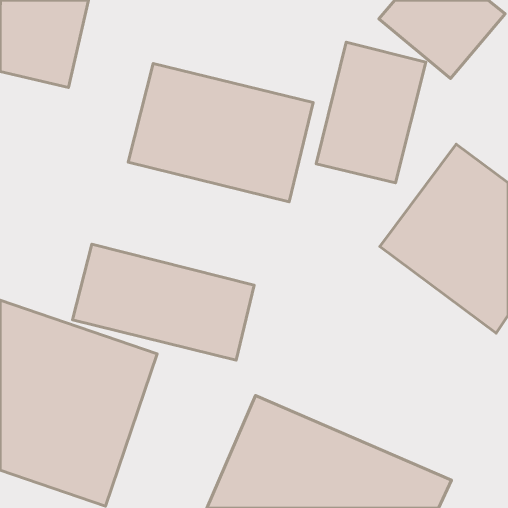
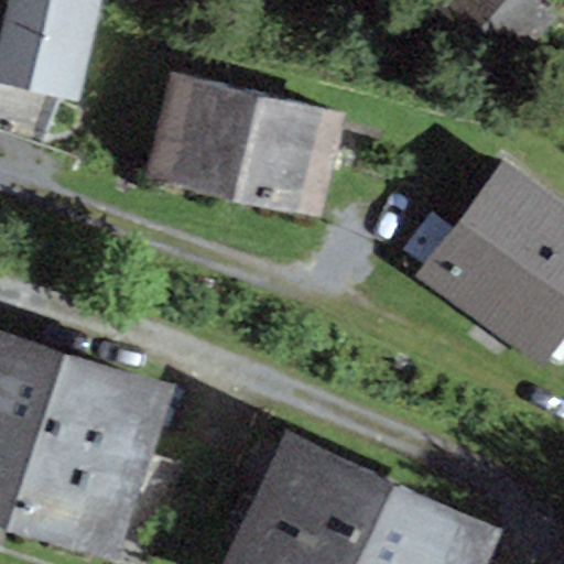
building: [316,42,426,183] -> none
building: [72,244,254,360] -> none

